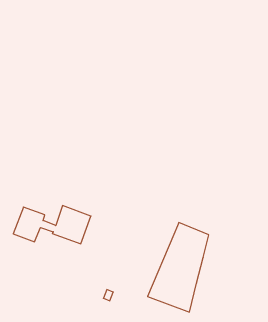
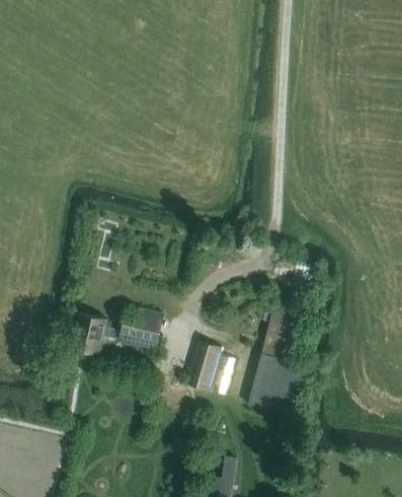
building: none -> [185,341,222,390]

